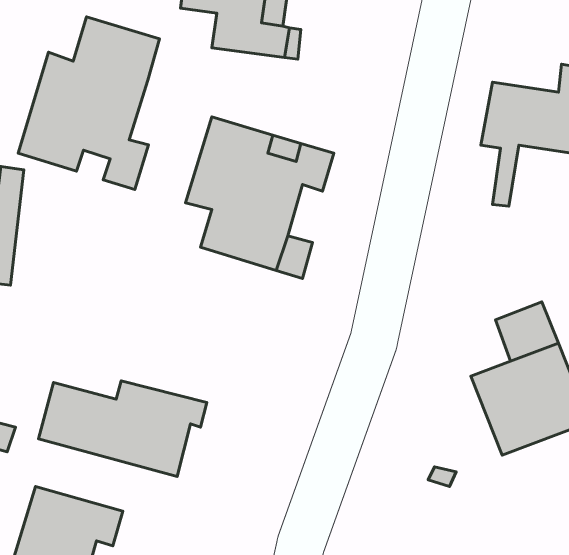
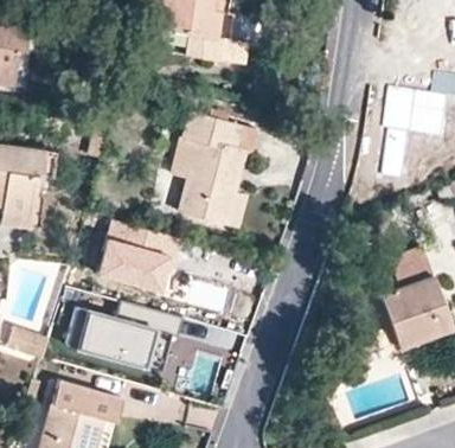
building: [18,17,159,190] -> none
building: none -> [97,223,175,293]

